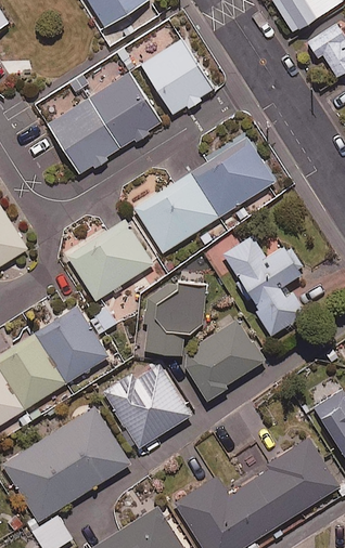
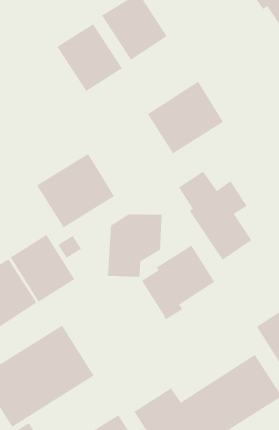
building: [46,100,119,175] -> none
building: [133,173,217,252] -> none
building: [102,363,192,448] -> none

